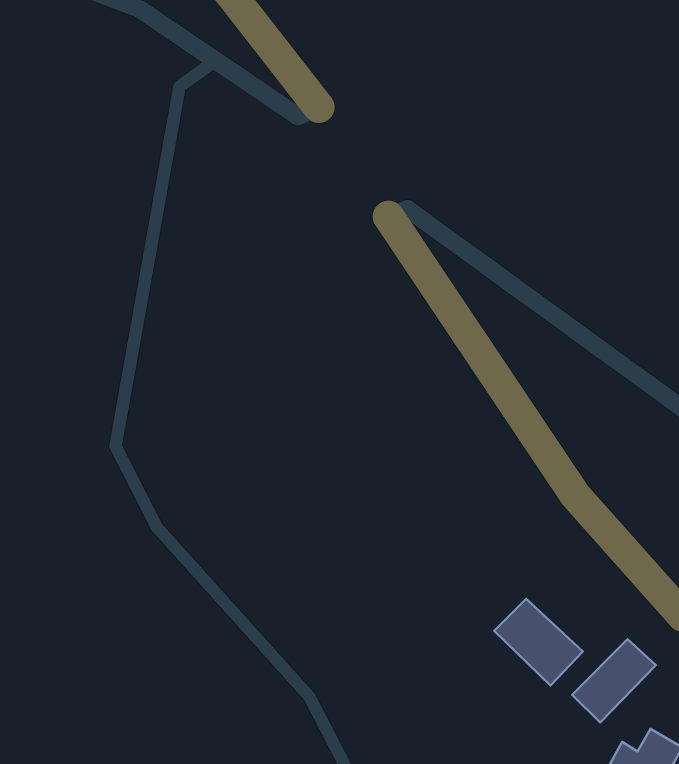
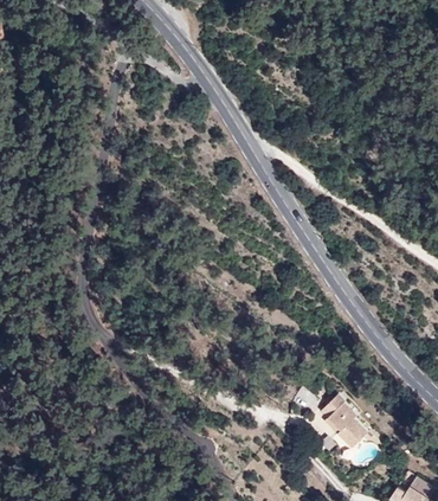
building: [572,639,656,723] -> none

